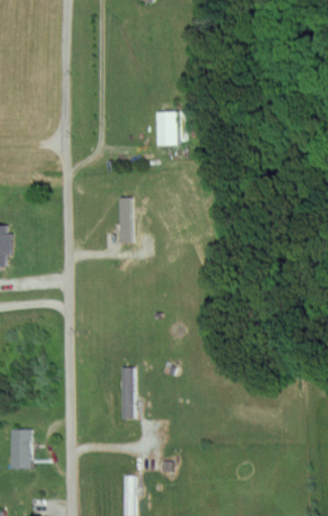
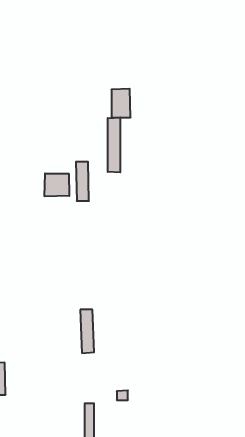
building: none -> [108,117,120,172]
building: none -> [45,173,69,196]

